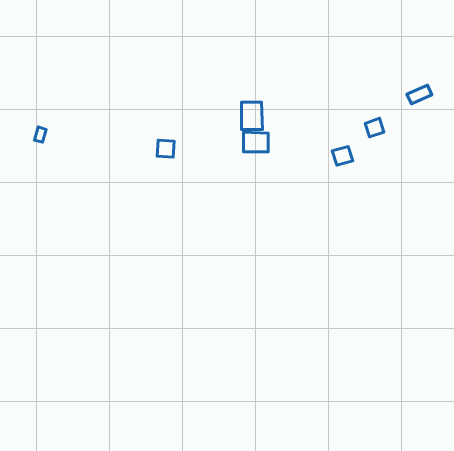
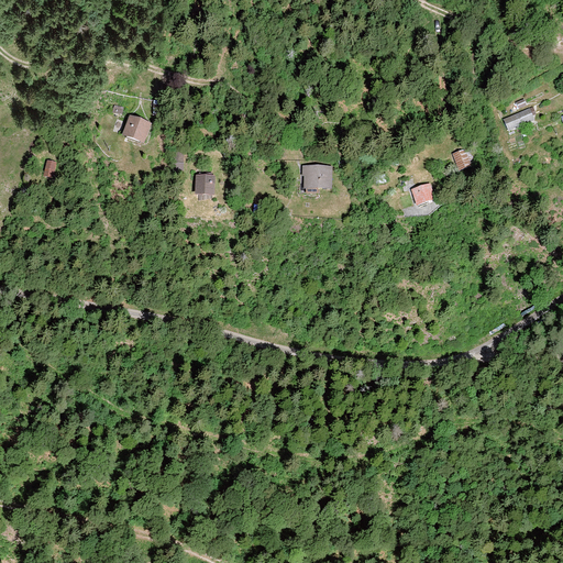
building: none -> [122,114,153,144]
building: [241,102,263,130] -> none

